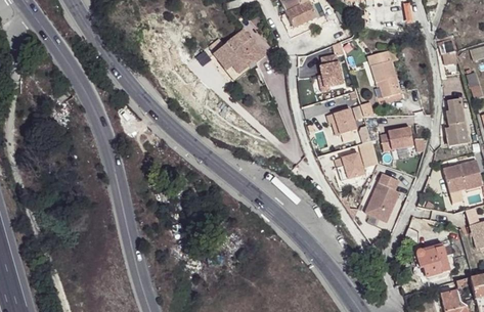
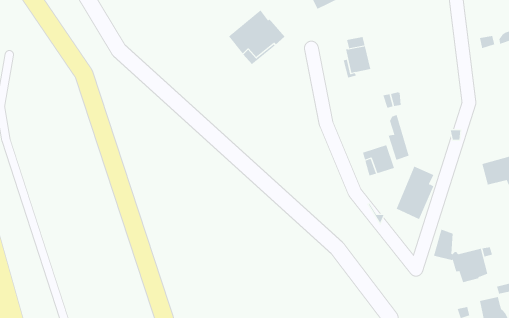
building: [365,48,400,99] -> none
building: [442,100,465,148] -> none
building: [327,106,357,133] -> none
building: [381,125,414,149] -> none

